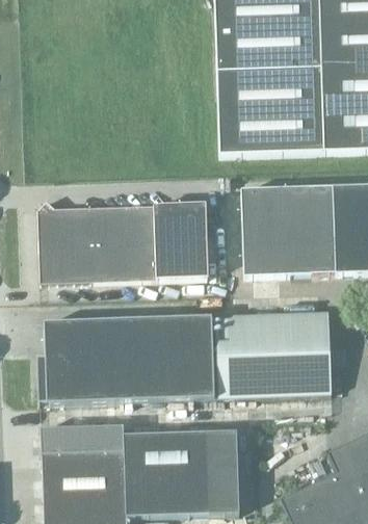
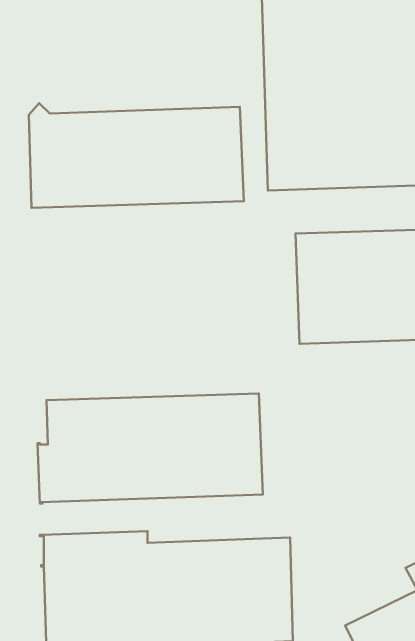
building: [40,199,210,282] -> [29,103,244,208]
building: [217,310,332,397] -> none

